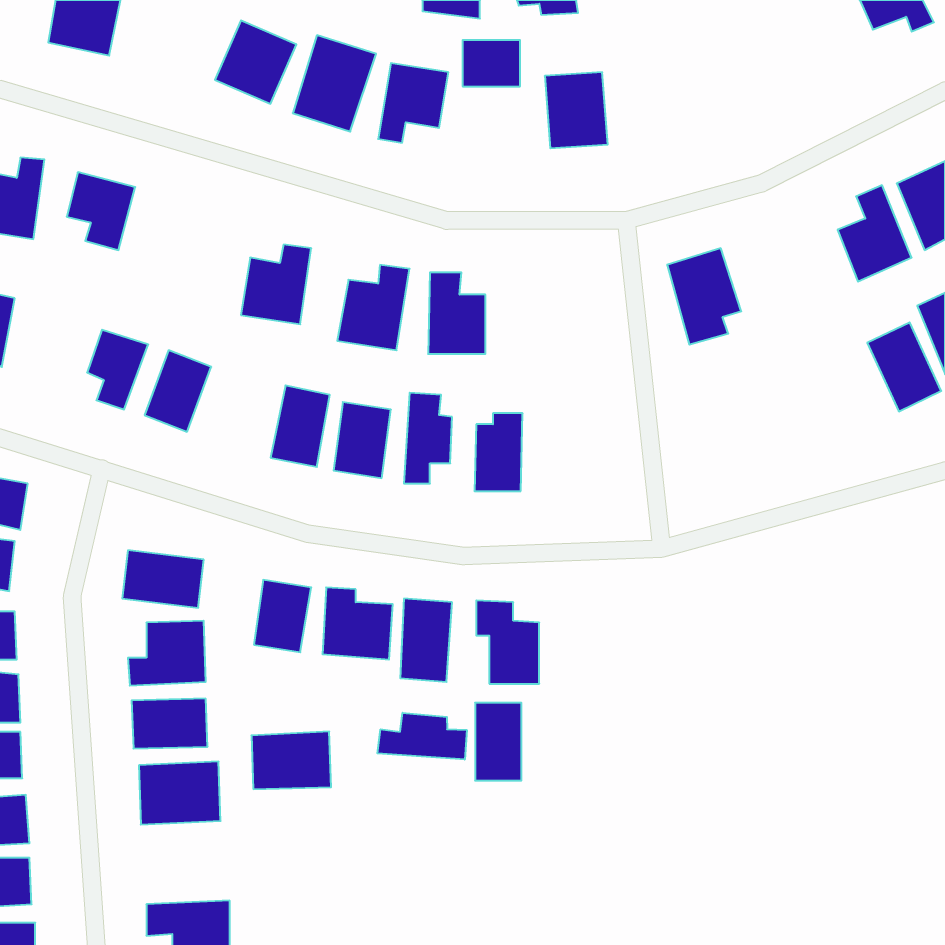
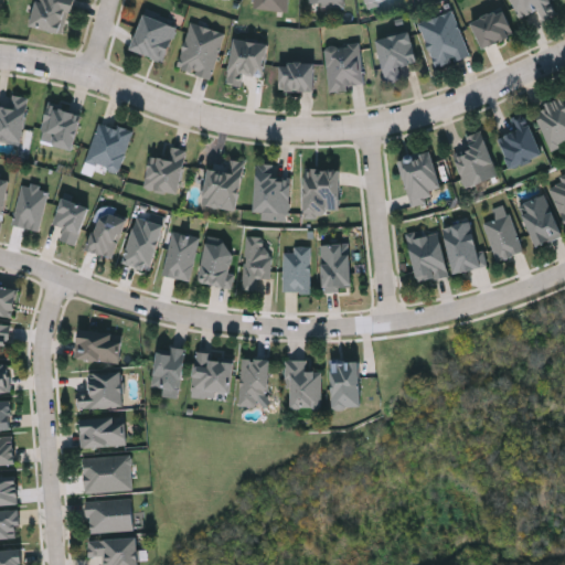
building: none -> [471,9,514,49]
building: none -> [419,11,468,67]
building: [463,40,520,86] -> [279,63,313,90]
building: none -> [375,32,416,83]
building: none -> [85,120,131,172]
building: none -> [455,130,499,189]
building: none -> [303,170,338,214]
building: none -> [12,182,46,230]
building: none -> [482,203,521,260]
building: none -> [122,217,161,269]
building: none -> [441,217,482,273]
building: none -> [406,231,447,282]
building: none -> [318,242,351,291]
building: [475,703,521,781] -> [332,362,360,408]
building: [377,713,467,760] -> none
building: [251,732,331,789] -> [85,498,132,532]

